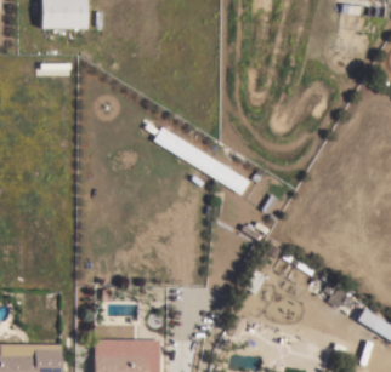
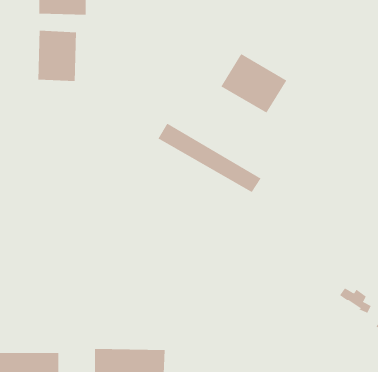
building: none -> [38,30,77,82]
building: none -> [220,53,287,114]

